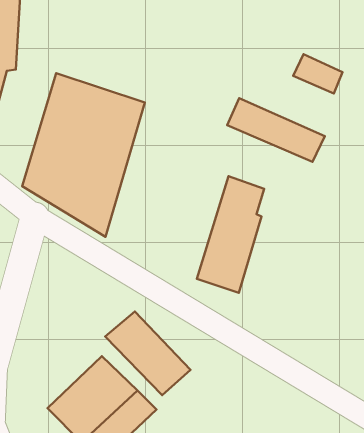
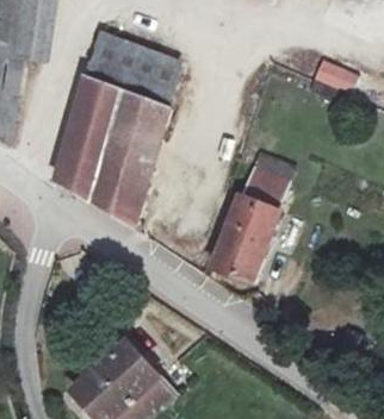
building: none -> [85,39,178,100]
building: [227,98,325,162] -> none
building: [105,311,190,395] -> none

